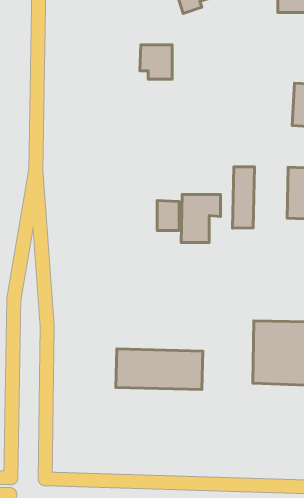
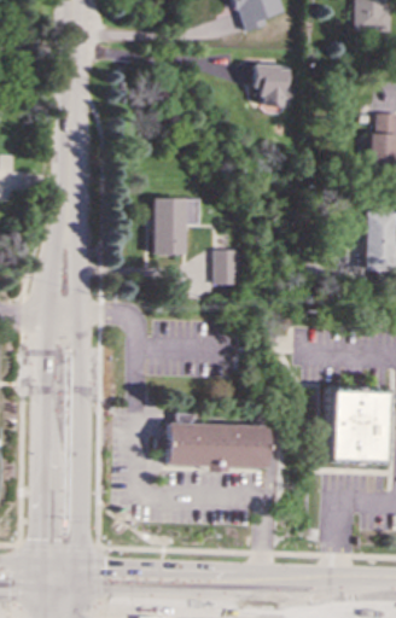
building: [140,45,172,79] -> [252,65,290,105]
building: [233,167,254,228] -> none
building: [181,195,221,242] -> [152,198,198,253]

